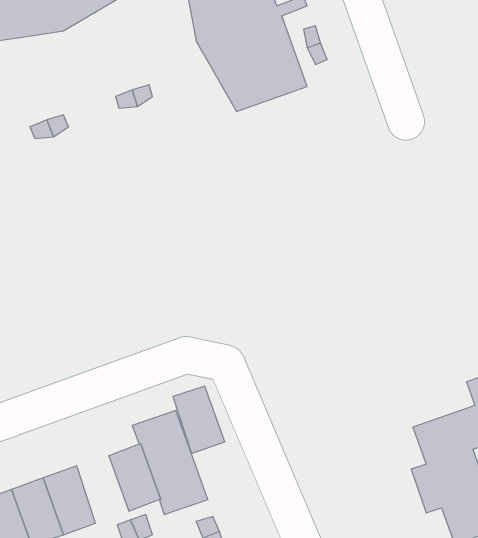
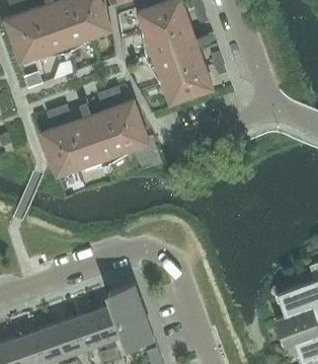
building: none -> [43,99,149,174]
building: [173,386,225,453] -> [75,311,106,352]

